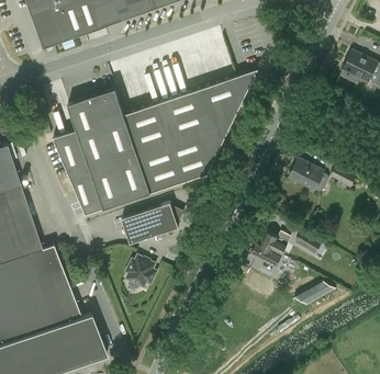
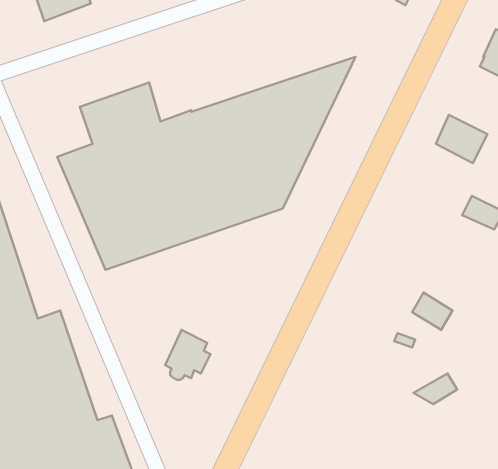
building: [290,159,325,192] -> [436,115,487,163]
building: [123,203,181,240] -> none
building: [250,231,291,268] -> none

